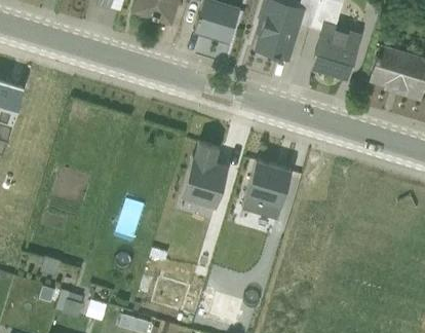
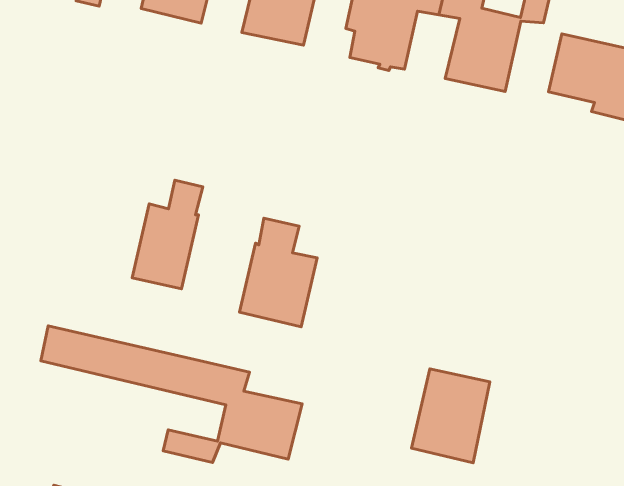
building: none -> [132,180,203,289]
building: [241,161,291,219] -> [411,369,490,463]
building: none -> [41,326,302,462]

